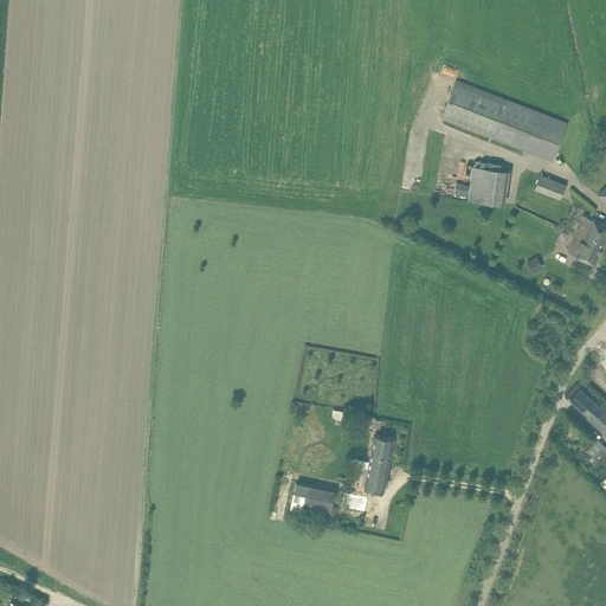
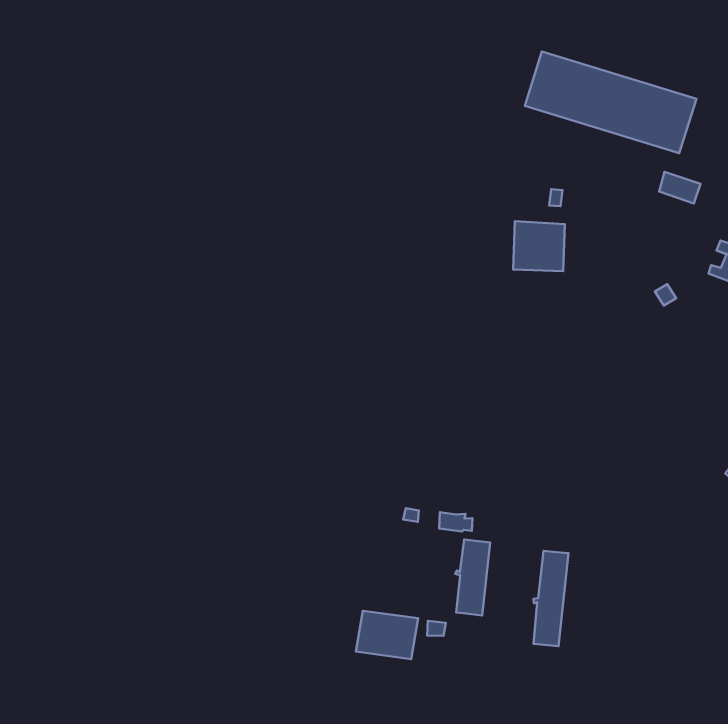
building: [470,165,510,204] -> [513,221,565,271]
building: none -> [533,551,568,646]

